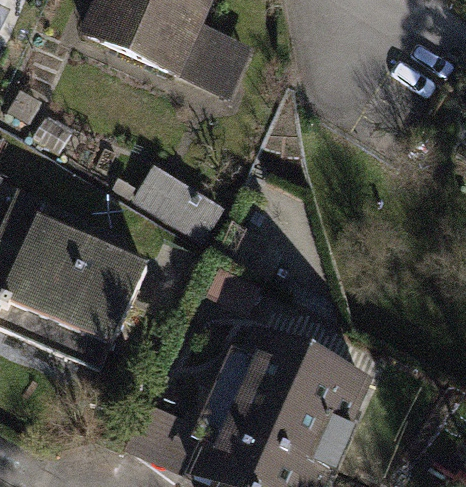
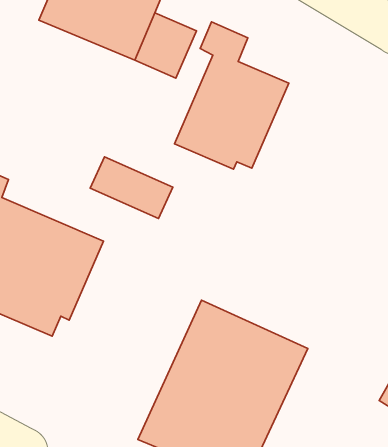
building: none -> [174,22,289,169]

